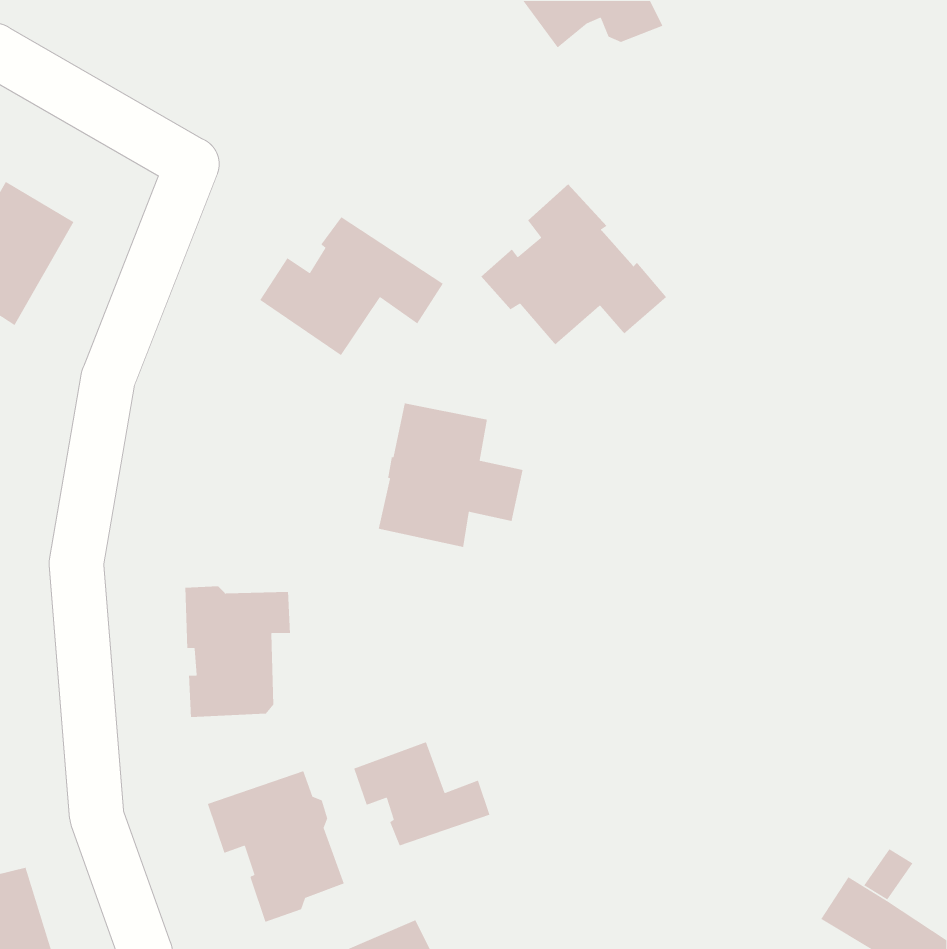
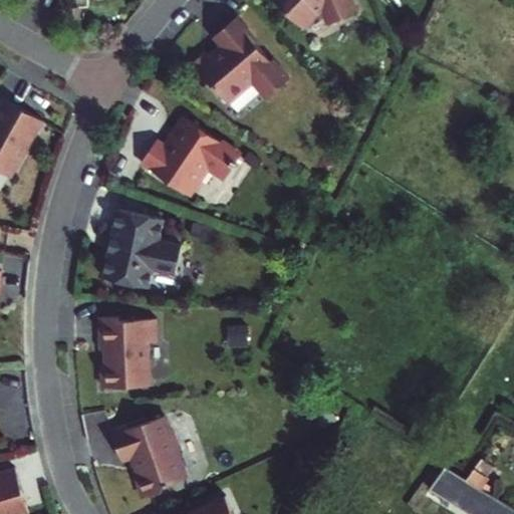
building: [481,183,667,346] -> [188,18,288,105]
building: [378,403,523,548] -> [102,210,181,288]
building: [353,741,490,847] -> none

